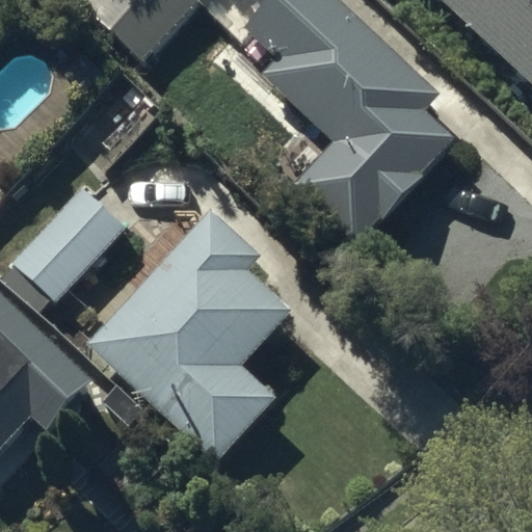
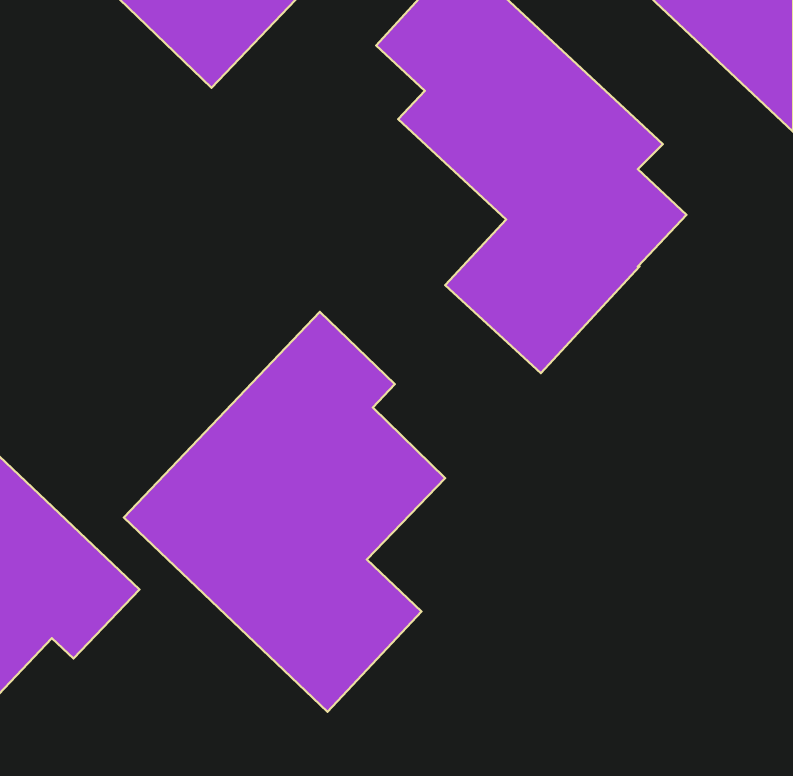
building: [12,187,127,303] -> none

